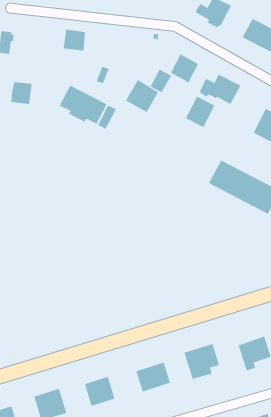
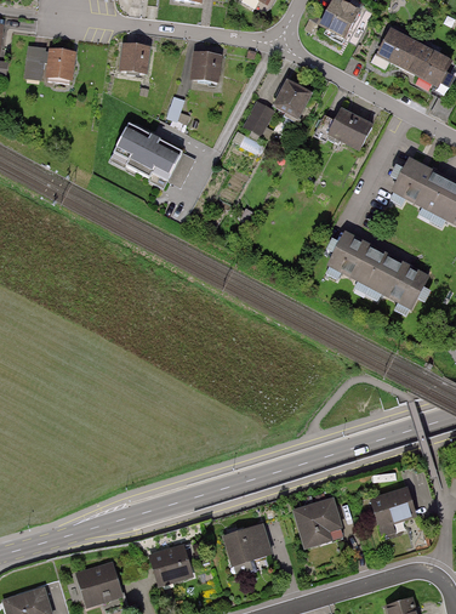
building: none -> [189,51,222,84]
building: [125,79,159,113] -> none
building: [11,82,33,105] -> [45,49,76,81]
building: [185,96,215,128] -> none

